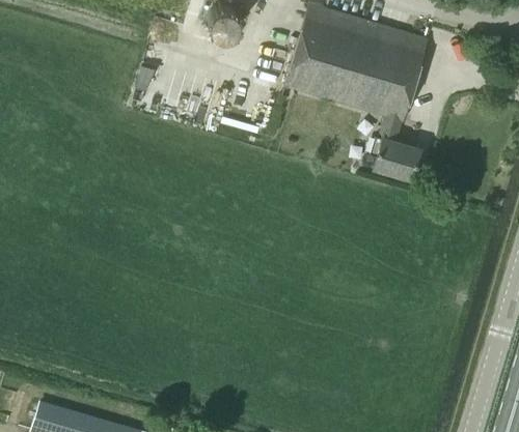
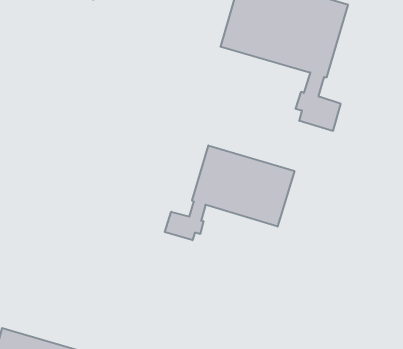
building: none -> [165,145,294,240]

